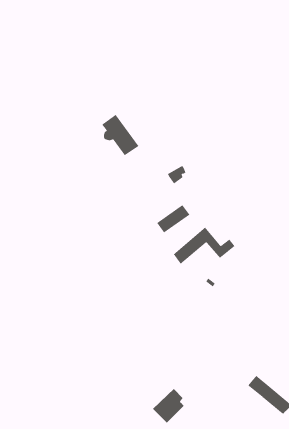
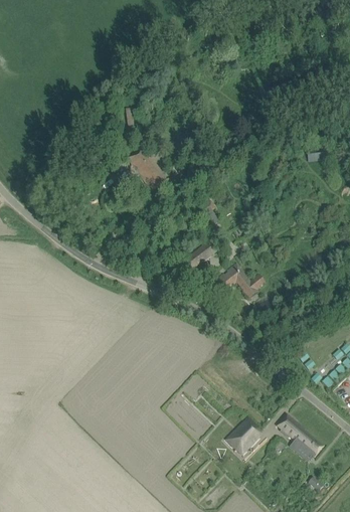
building: [152,388,185,424] -> [225,418,258,455]

